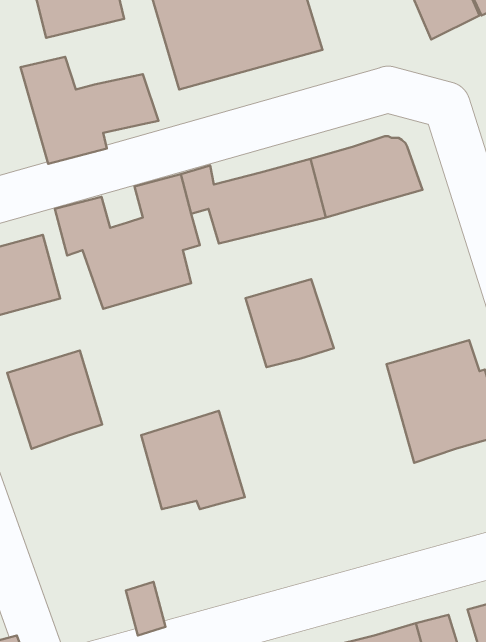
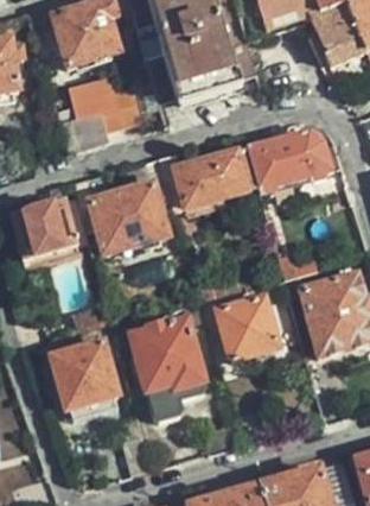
building: [246,279,334,367] -> [217,298,278,359]
building: [7,350,102,449] -> [52,342,117,410]

